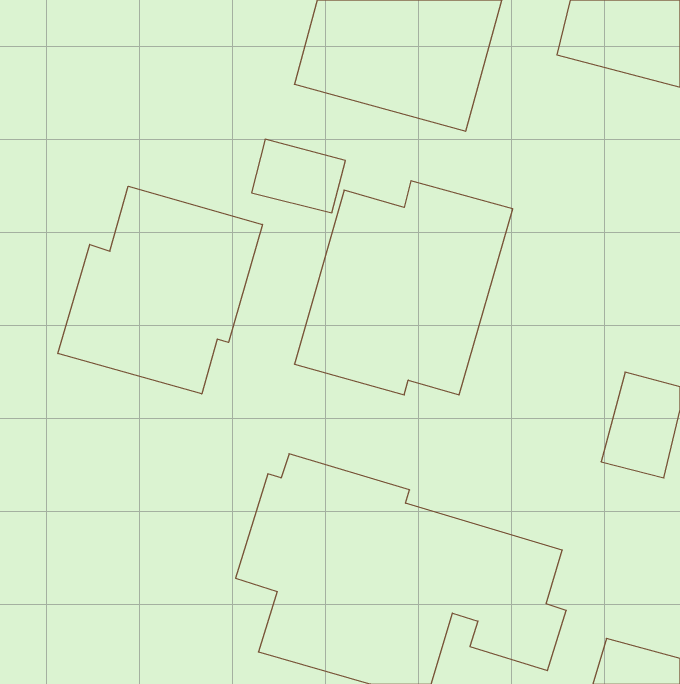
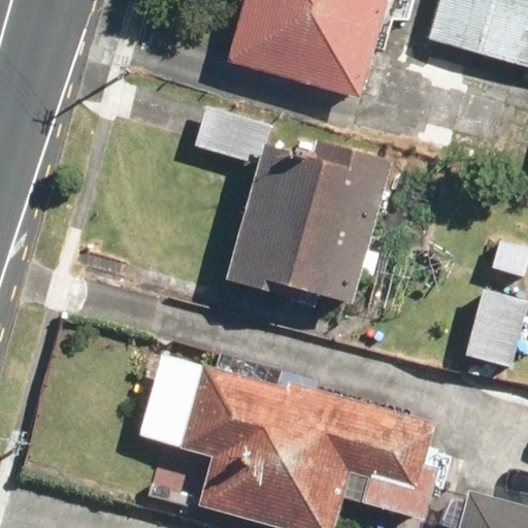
building: [58,186,262,394] -> none

